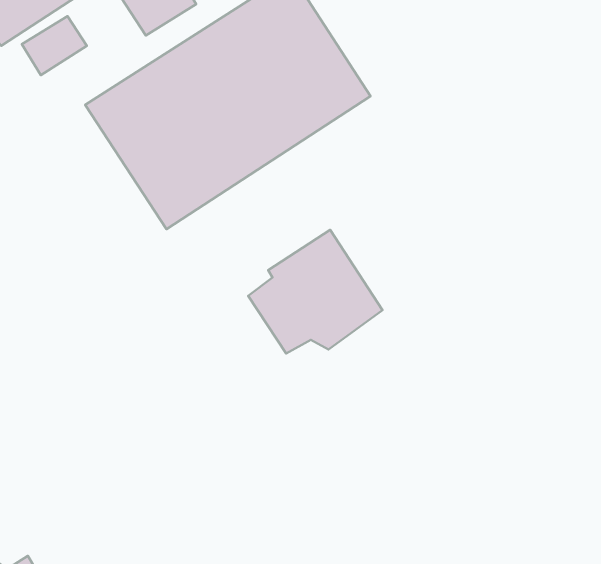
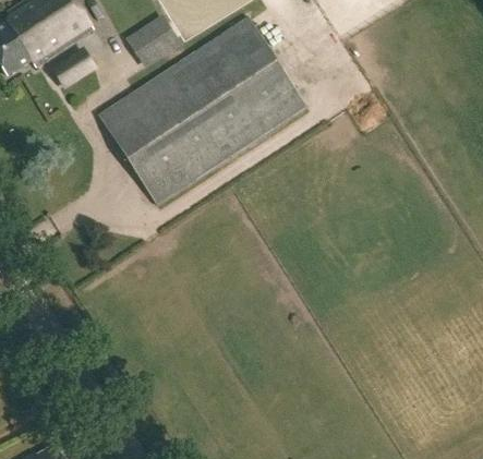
building: [248,230,382,353] -> none

